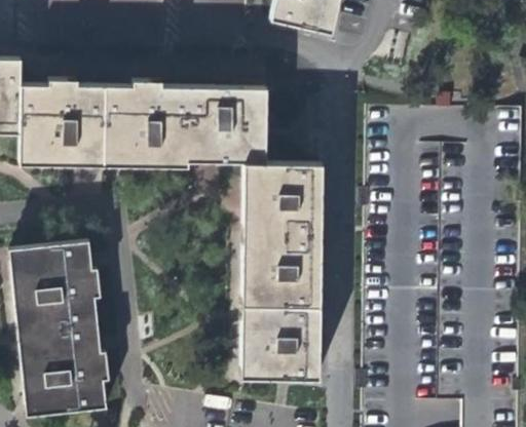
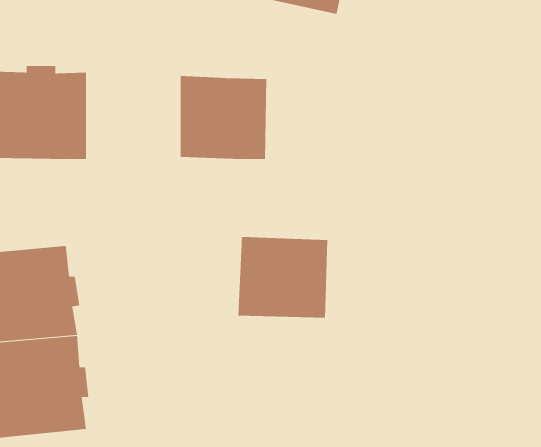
building: [105,79,189,168] -> none
building: [245,163,325,236] -> none
building: [241,305,322,379] -> none

